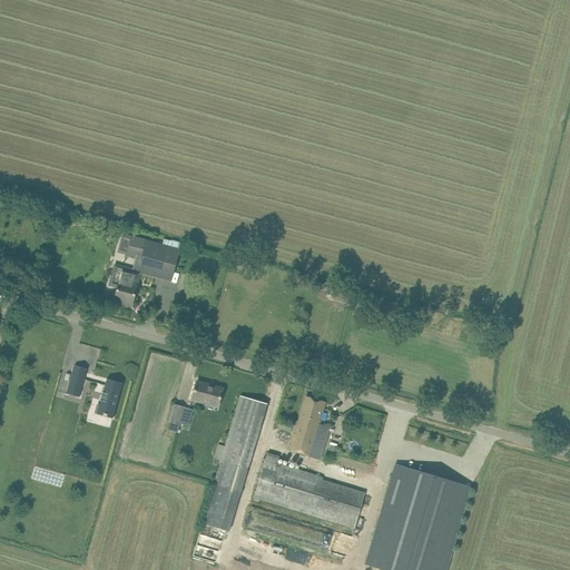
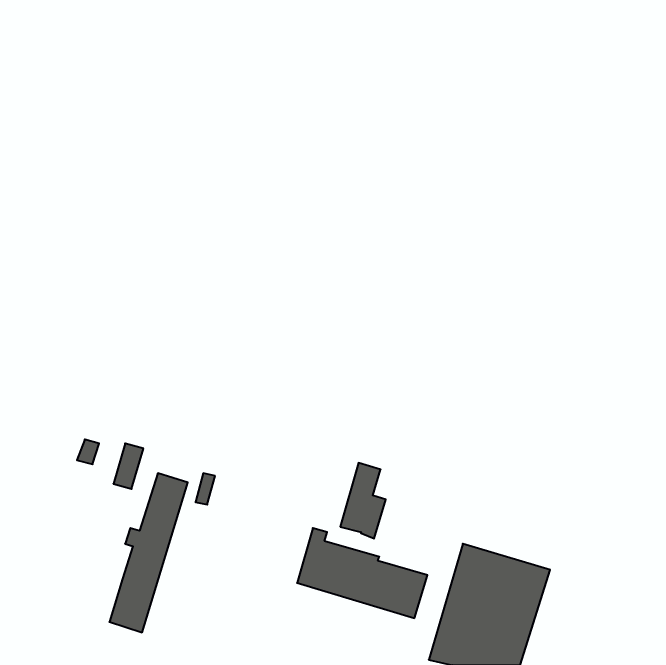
building: [109,235,181,303] -> none
building: [191,381,222,405] -> none
building: [200,396,267,532] -> [109,473,188,632]

